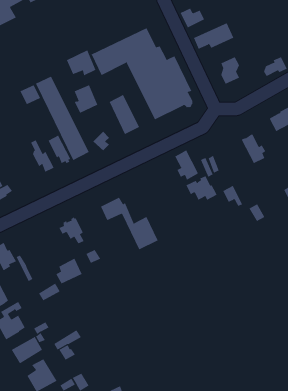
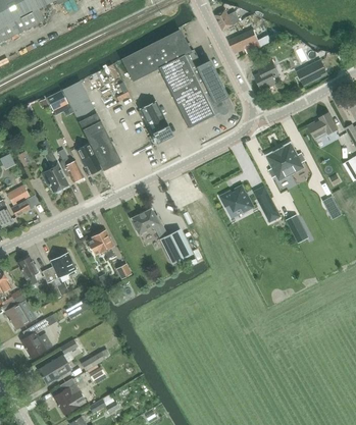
building: [66,50,96,76] -> none
building: none -> [42,139,68,193]
building: [174,149,199,180] -> [265,148,292,180]
building: [55,258,83,284] -> [47,252,75,279]

